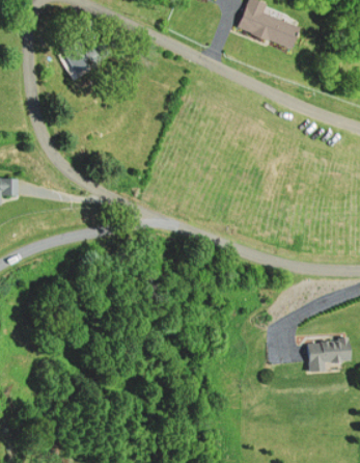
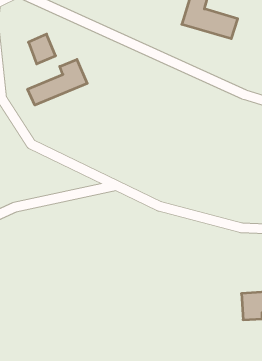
building: none -> [28,59,87,105]

